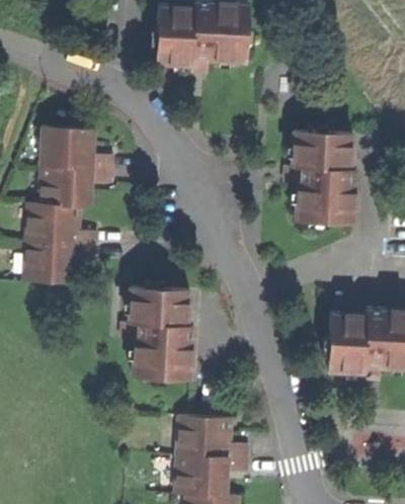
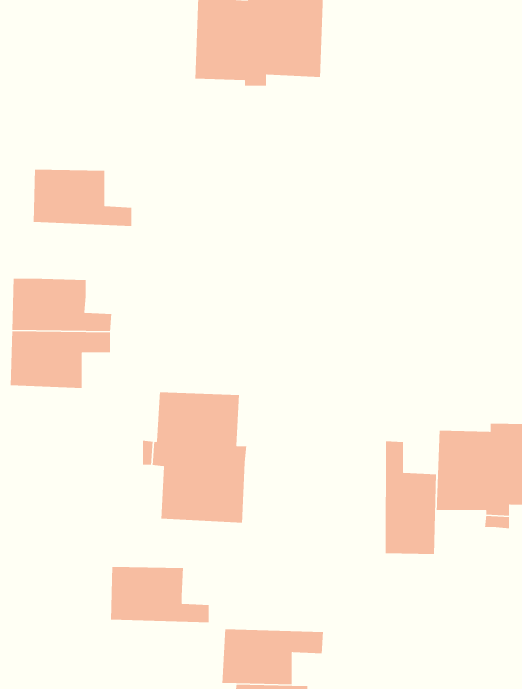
building: [289,131,356,224] -> none
building: [39,166,111,206] -> none
building: none -> [385,440,437,555]
building: [177,417,248,457] -> [110,566,210,623]

